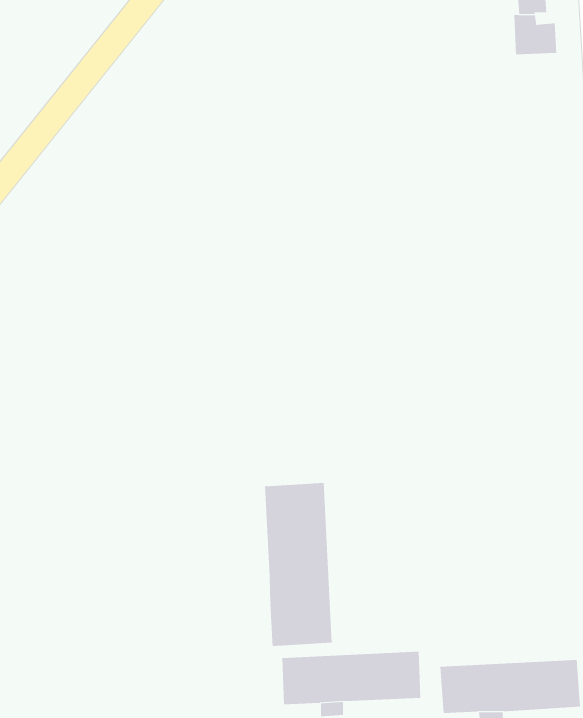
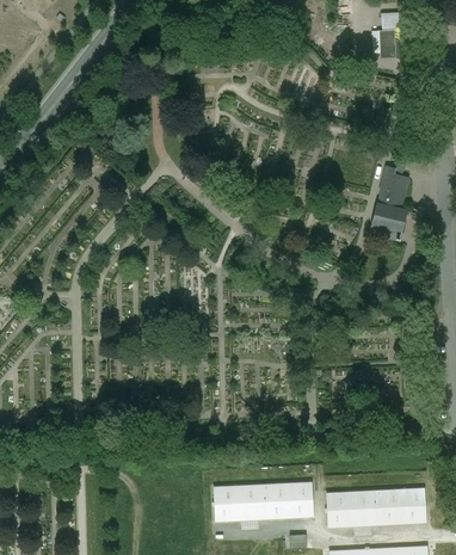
building: none -> [371,166,408,239]
building: [264,482,332,647] -> none

